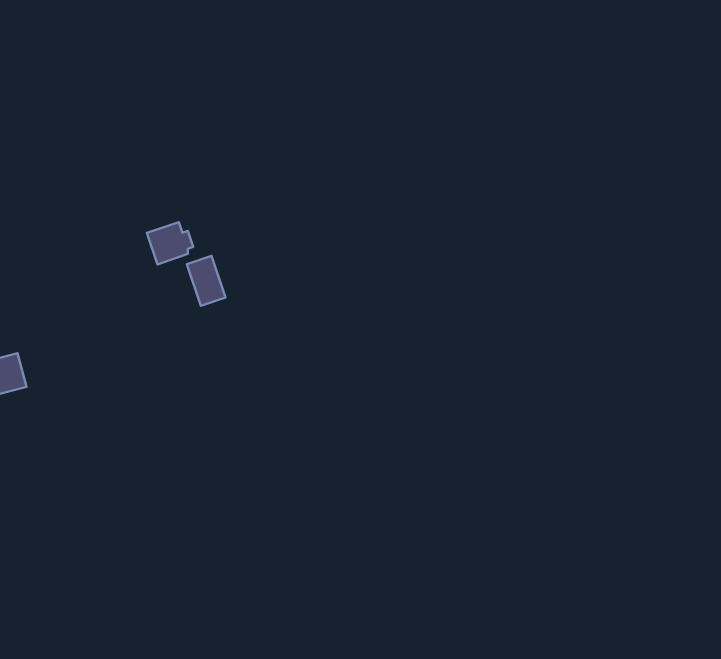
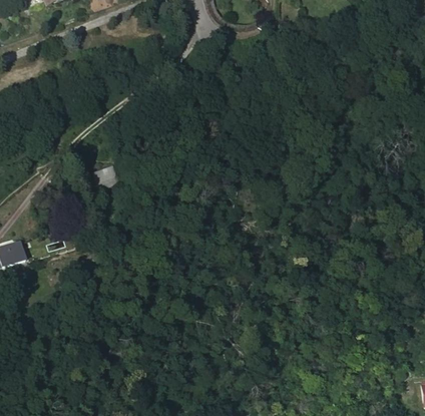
building: [187,256,226,306] -> none

